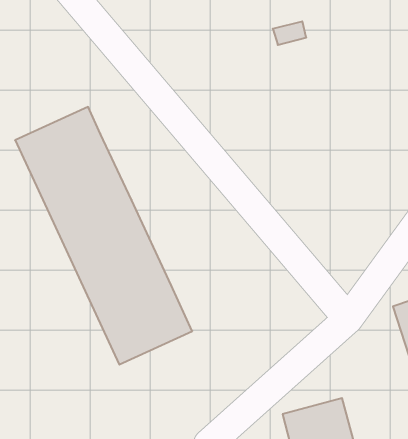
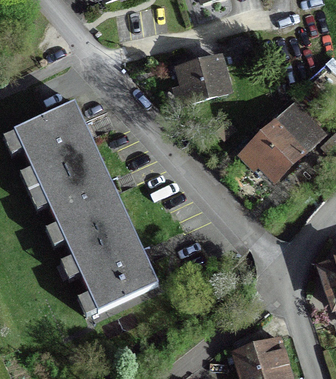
building: none -> [176,56,228,100]
building: none -> [242,100,325,183]

